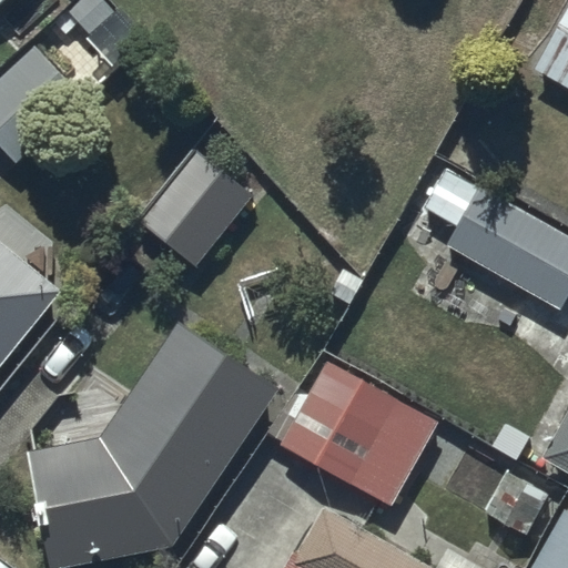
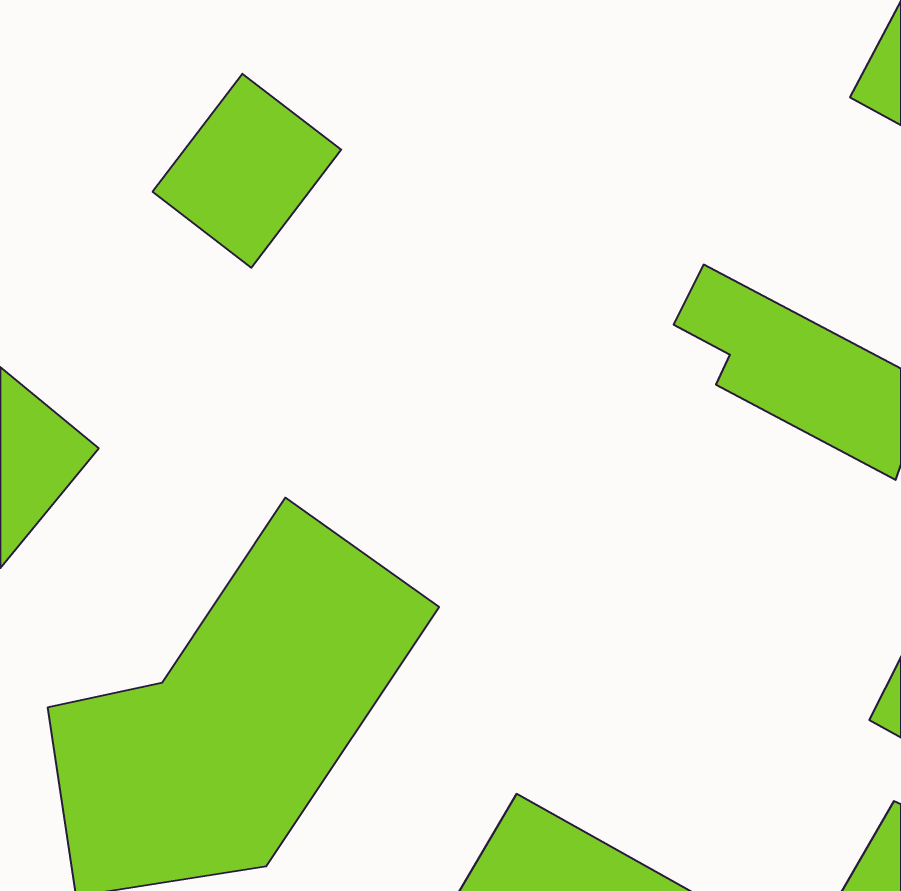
building: [133,148,252,270] -> [153,74,341,268]
building: [281,363,435,506] -> none

